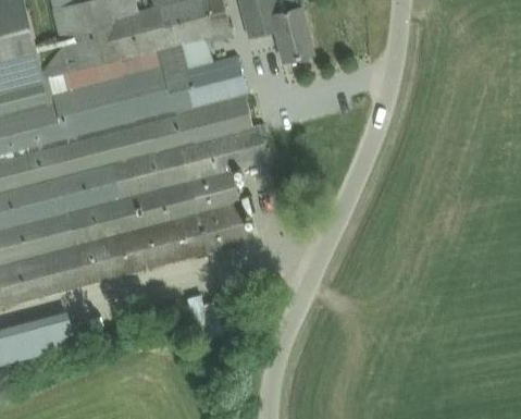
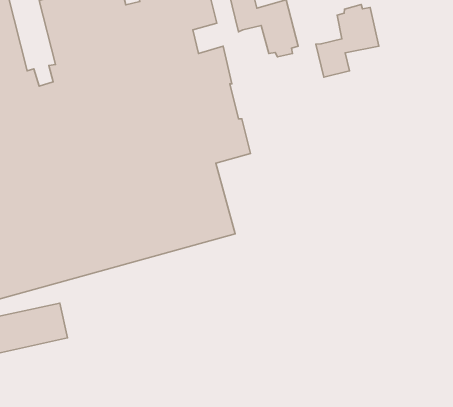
building: none -> [316,5,379,77]

